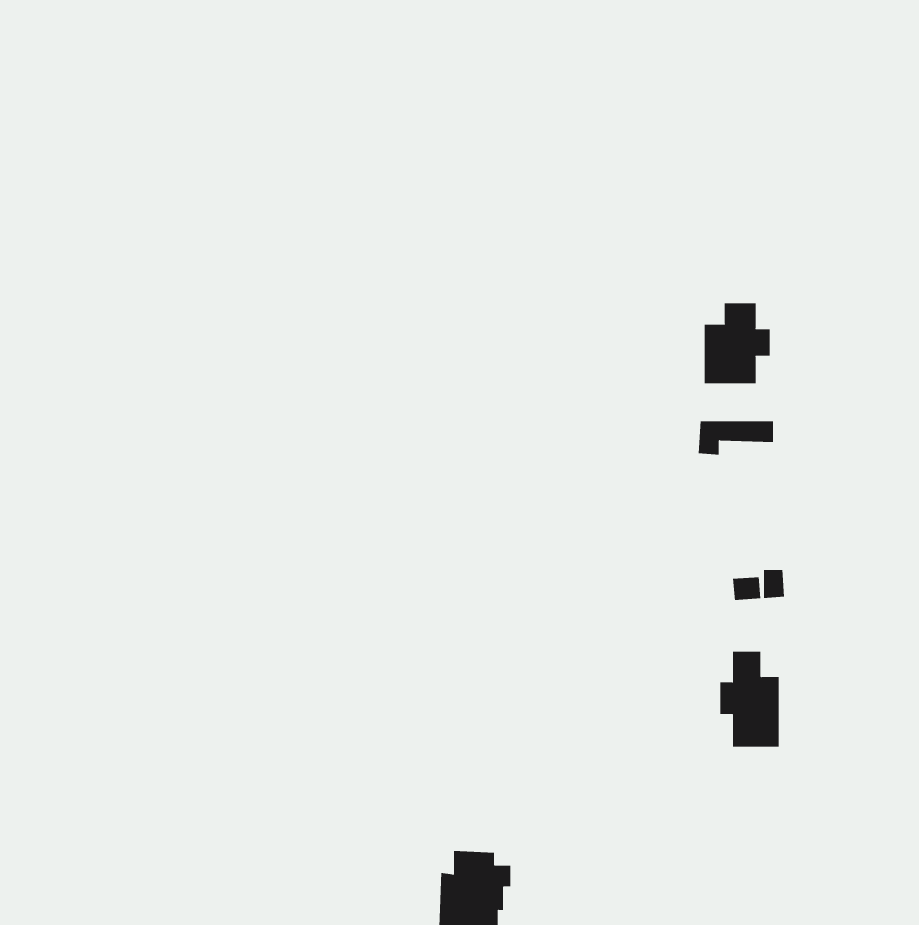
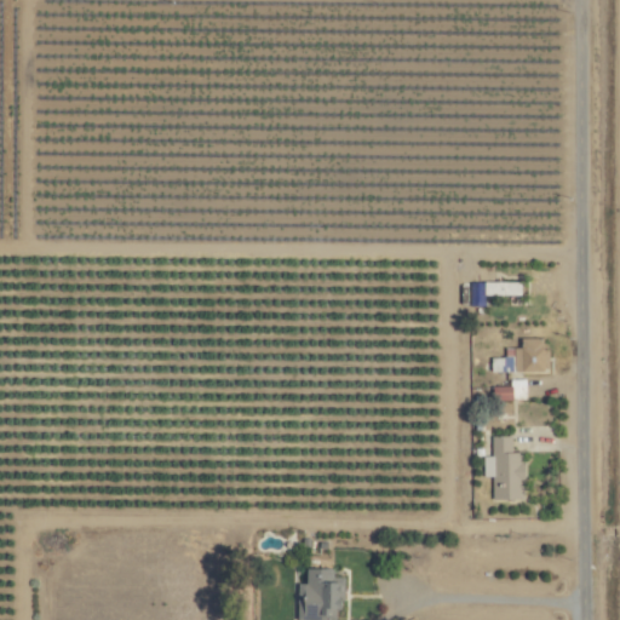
building: [704,302,770,384] -> none
building: none -> [495,338,552,373]

